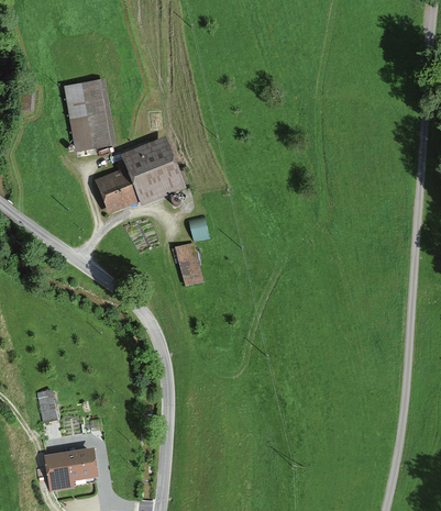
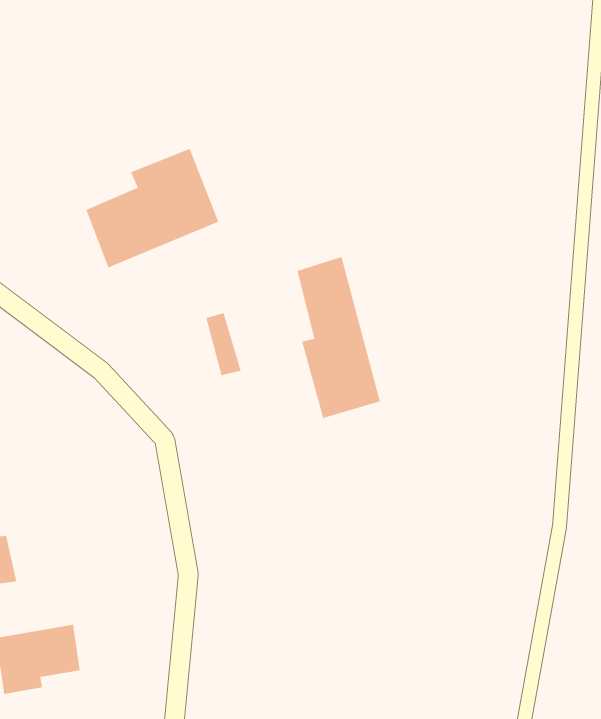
building: [66,81,115,151] -> none
building: none -> [297,256,380,419]

